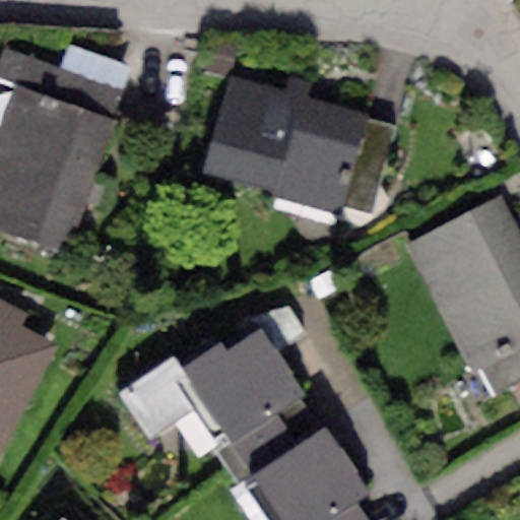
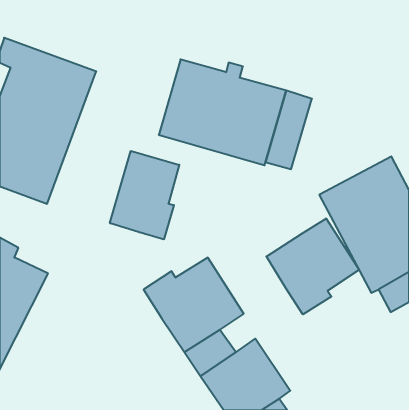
building: none -> [110,151,179,239]
building: none -> [266,218,359,314]
building: [117,354,205,441] -> none

